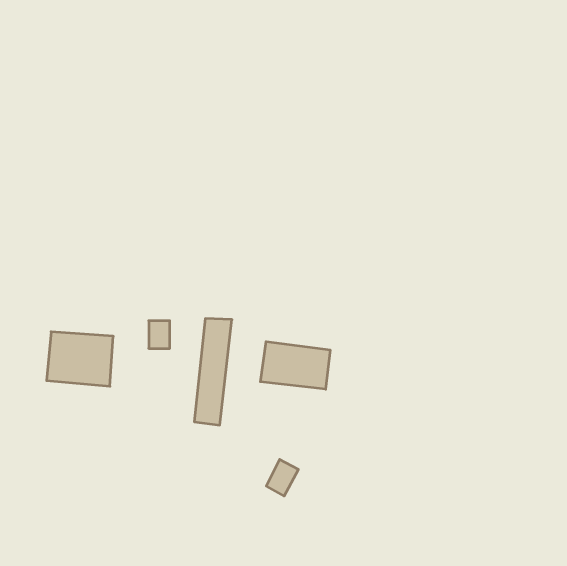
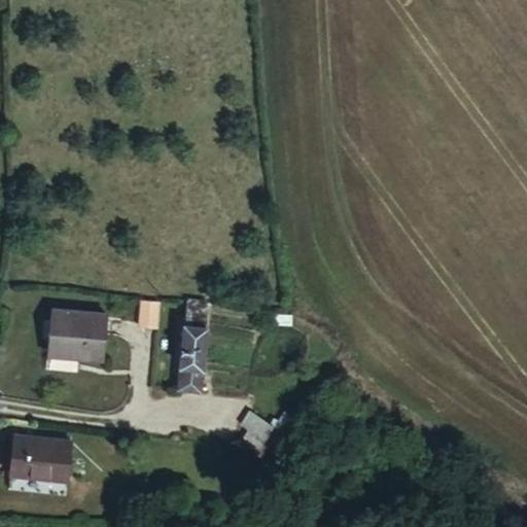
building: [260,342,330,389] -> none
building: none -> [8,441,64,483]

